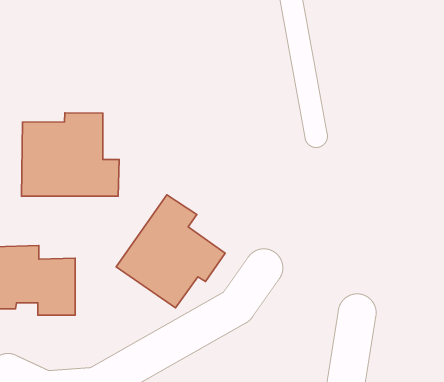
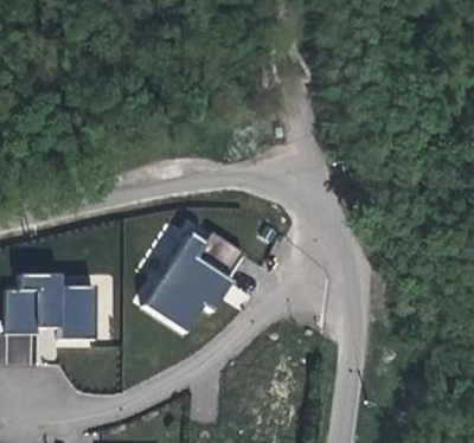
building: [22,113,119,196] -> none

